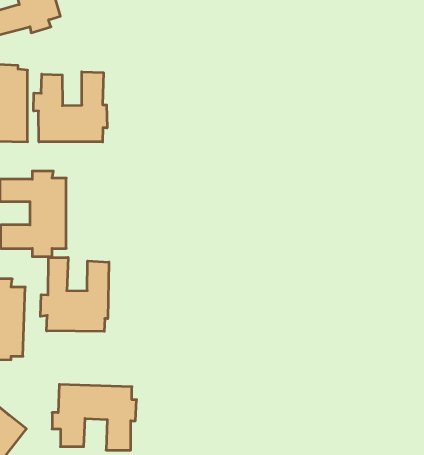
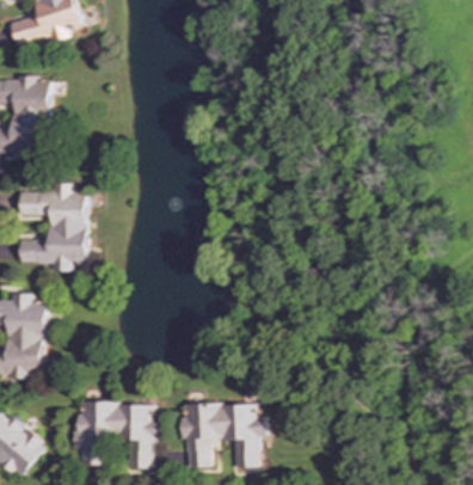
building: [34,72,107,142] -> none
building: [40,257,109,331] -> none
building: none -> [180,401,265,467]

